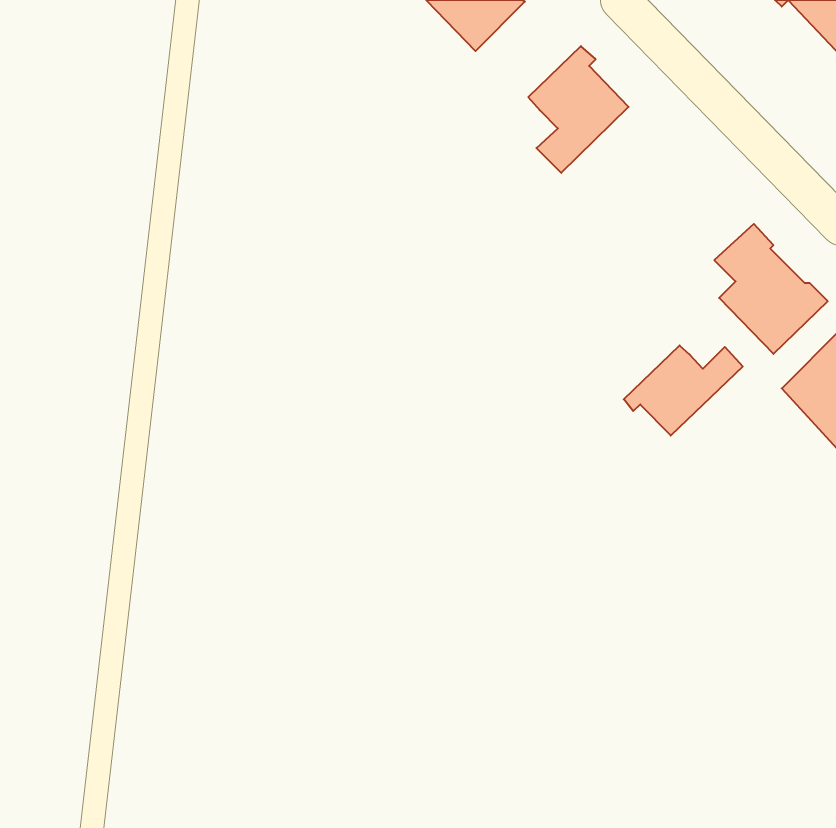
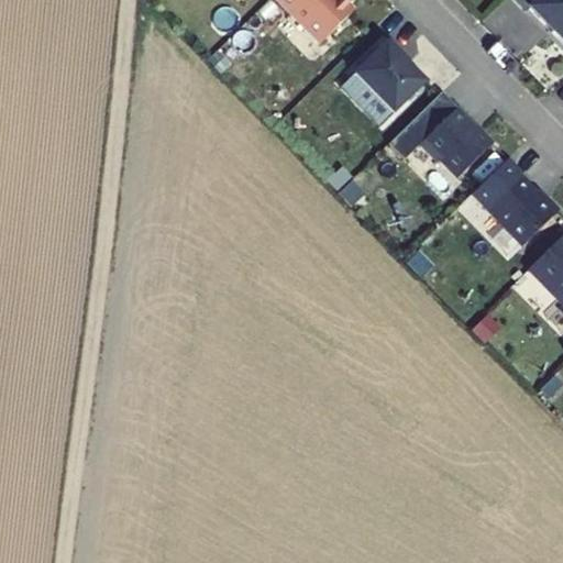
building: none -> [388,91,489,176]
building: [624,345,743,436] -> none

